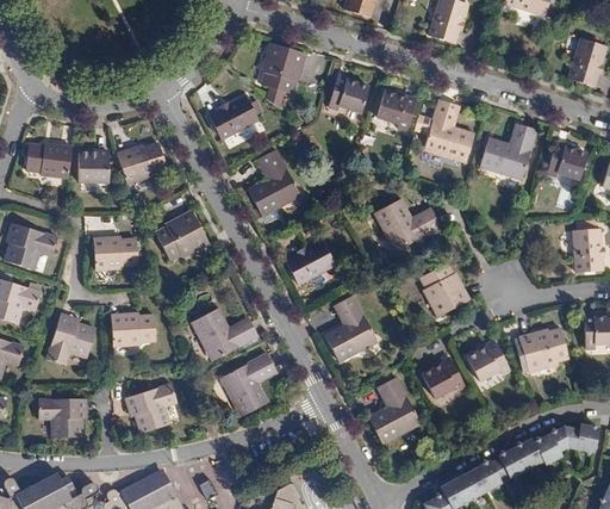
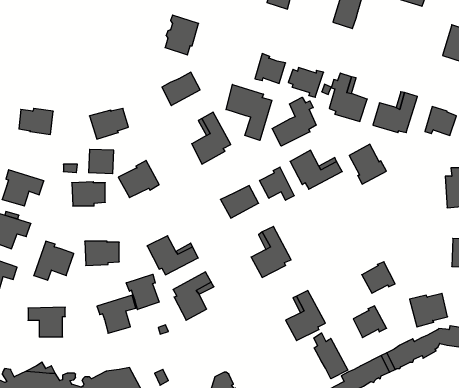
building: [262,43,305,94] -> [165,15,199,55]
building: none -> [226,84,272,140]
building: none -> [272,97,316,146]
building: [77,153,110,184] -> [89,149,114,174]
building: none -> [260,167,294,200]
building: [421,263,468,315] -> [349,144,386,184]
building: [518,329,567,372] -> [410,293,448,327]
building: none -> [126,274,159,310]
building: [422,358,465,398] -> [353,306,387,338]
building: none -> [314,333,348,379]

